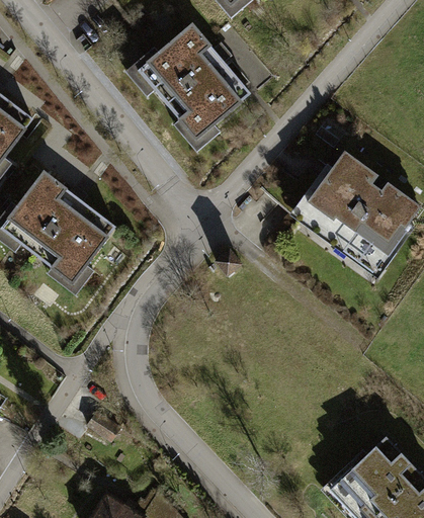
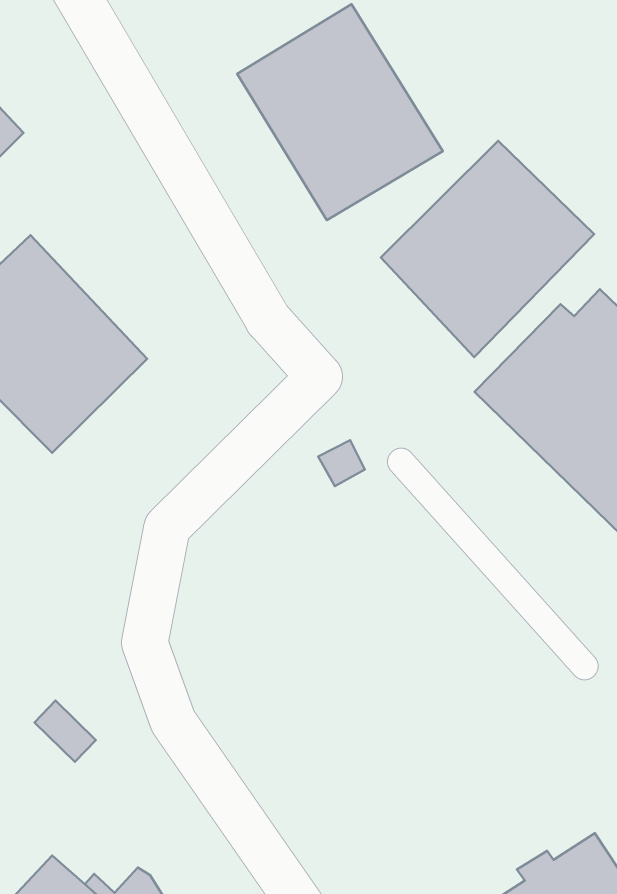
building: none -> [381,141,594,357]

